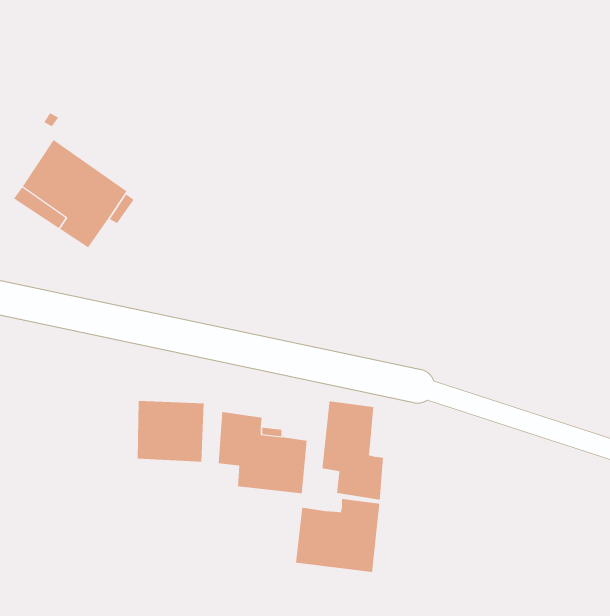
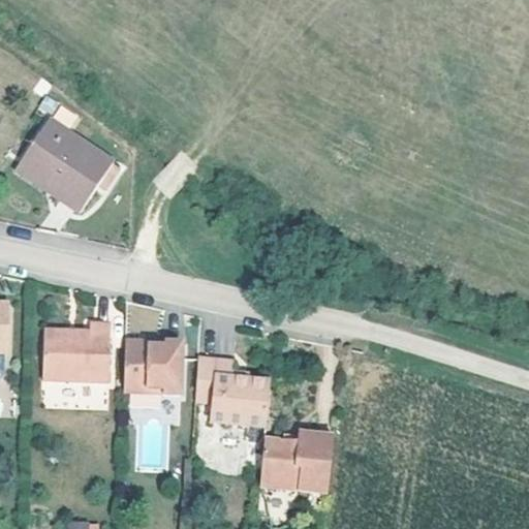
building: none -> [40,325,108,384]
building: [322,401,384,500] -> none

